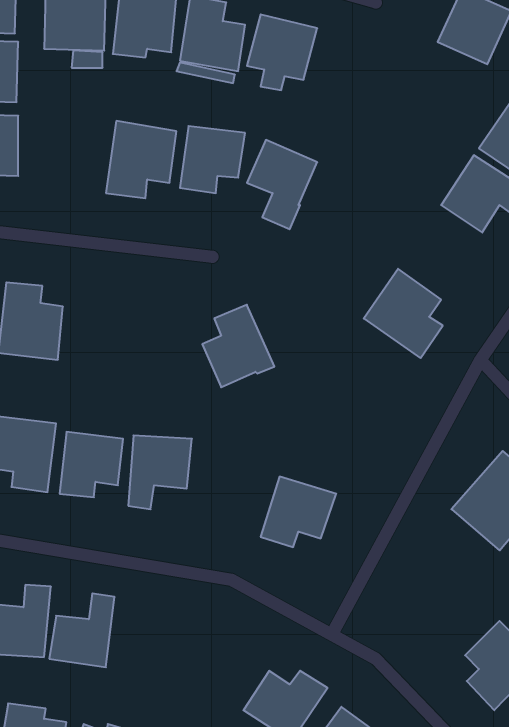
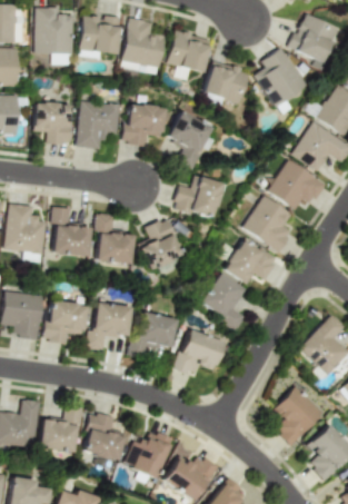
building: none -> [255,48,308,107]
building: none -> [205,62,249,102]
building: none -> [34,102,72,144]
building: none -> [268,159,326,210]
building: none -> [173,175,222,219]
building: none -> [53,207,91,256]
building: none -> [97,214,133,264]
building: none -> [225,238,278,285]
building: none -> [201,273,247,332]
building: none -> [133,313,177,358]
building: none -> [272,381,330,446]
building: none -> [83,412,125,461]
building: none -> [125,429,173,478]

